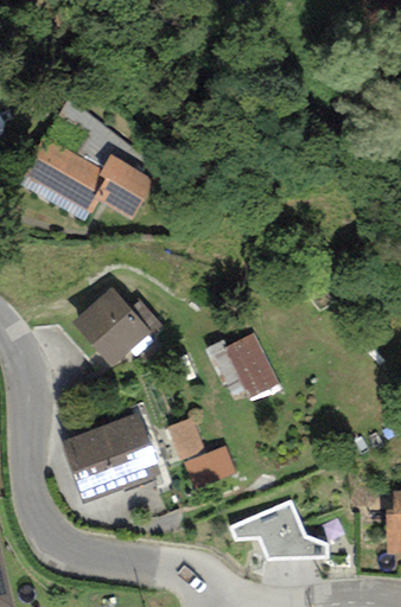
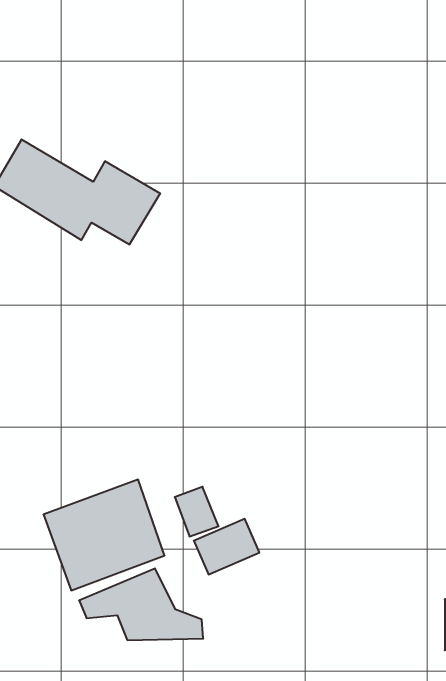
building: [71,287,158,365] -> none
building: [223,332,276,396] -> none
building: [227,500,327,558] -> [79,568,203,640]

